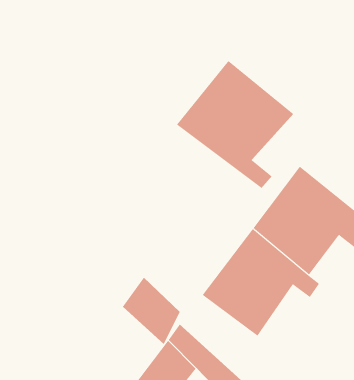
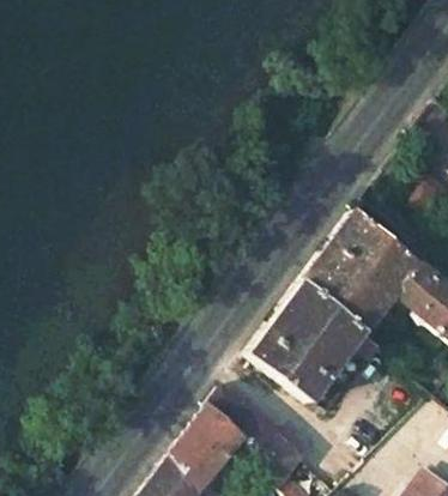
building: [176,60,294,189] -> none
building: [122,277,180,345] -> none

